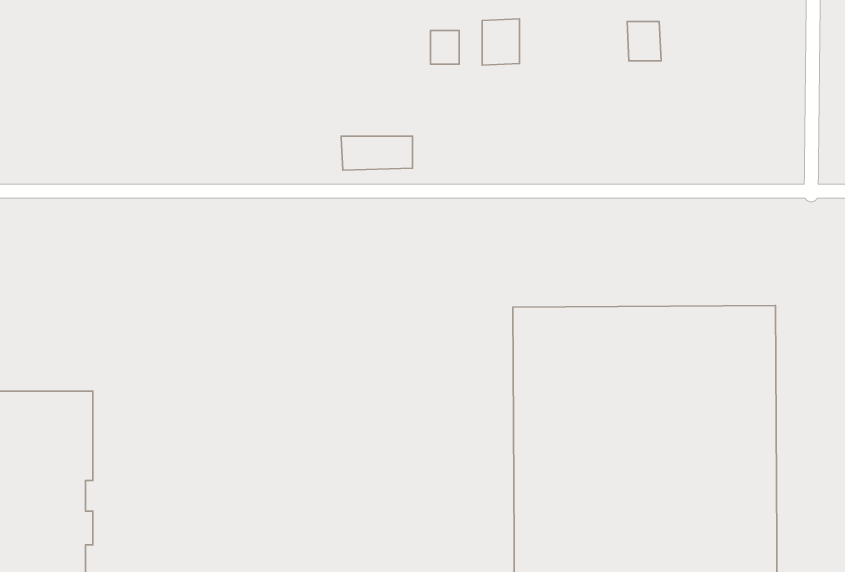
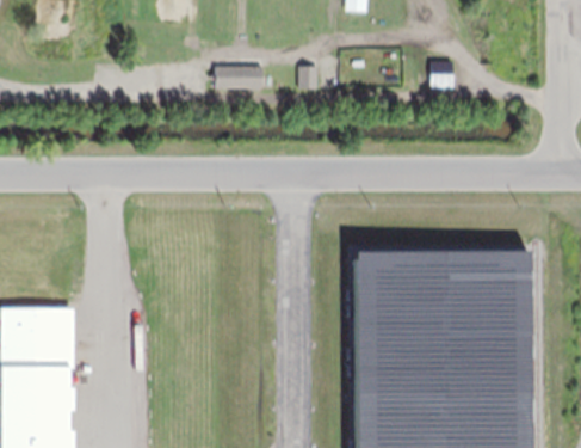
building: [482,19,520,65] -> none
building: [341,136,413,170] -> [216,67,264,90]

